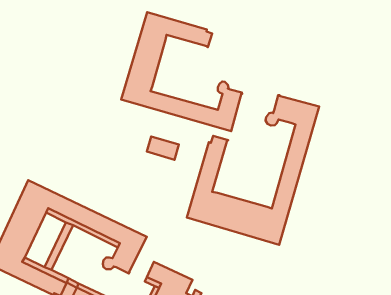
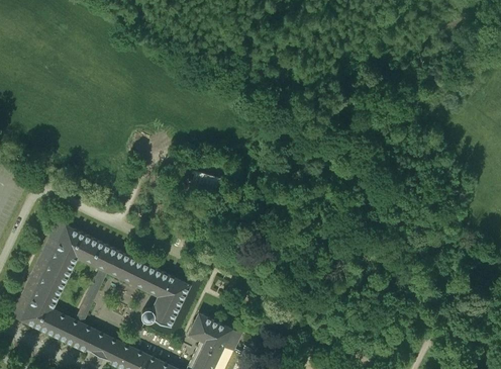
building: [121,12,242,131] -> none
building: [187,95,319,245] -> none

